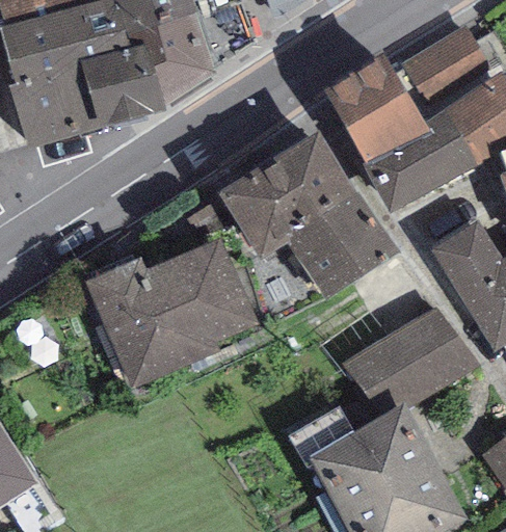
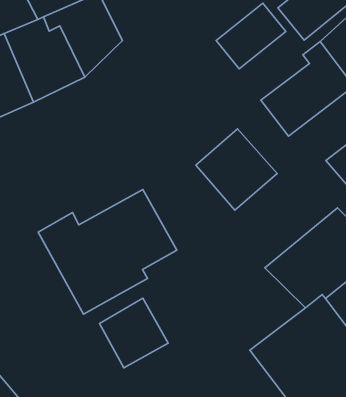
building: [346,89,429,165] -> none
building: [204,129,334,250] -> none
building: none -> [99,298,168,368]

